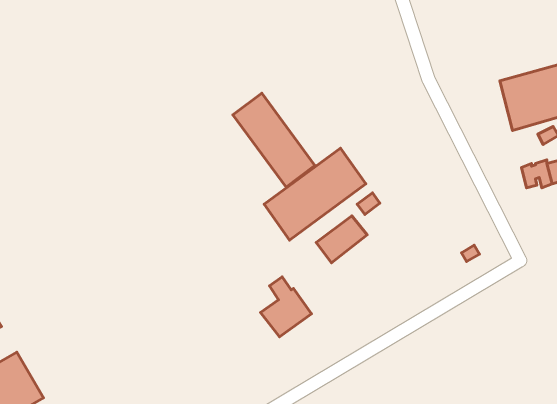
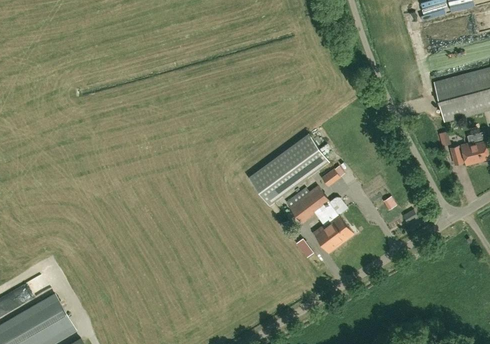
building: [233,93,315,187] -> none
building: [261,277,311,337] -> [313,205,353,252]

